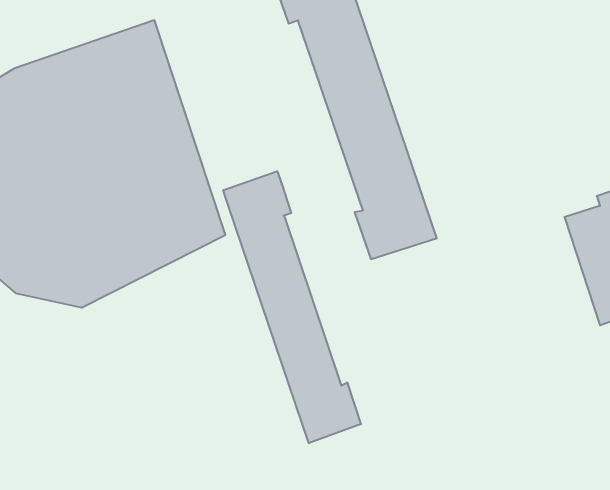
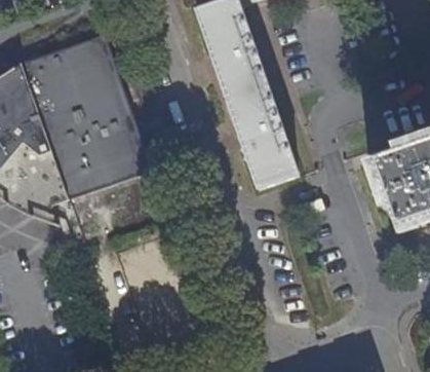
building: [223,171,361,443] -> none

